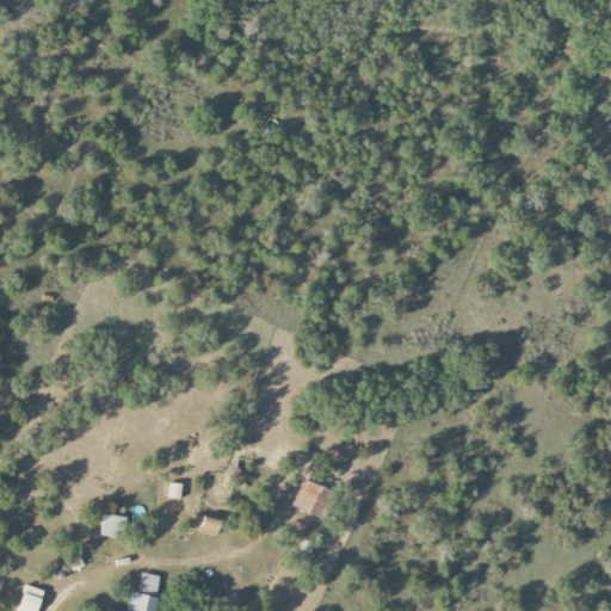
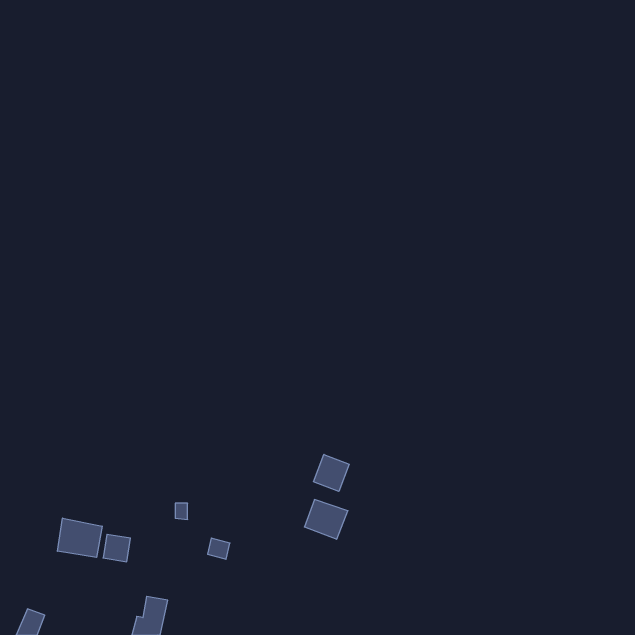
building: none -> [313,454,349,491]
building: none -> [57,518,102,557]

